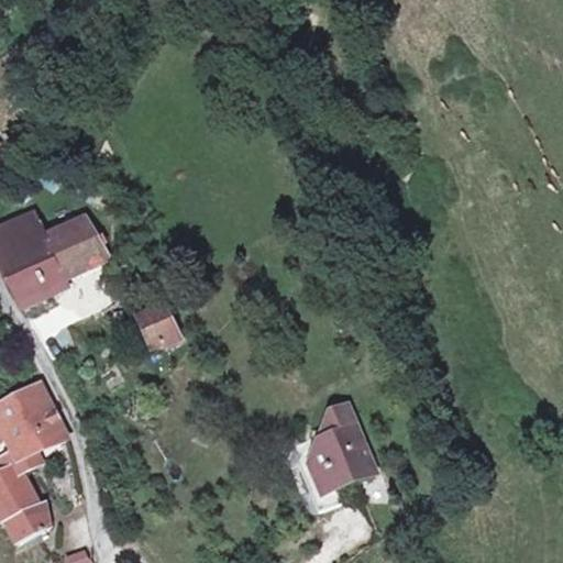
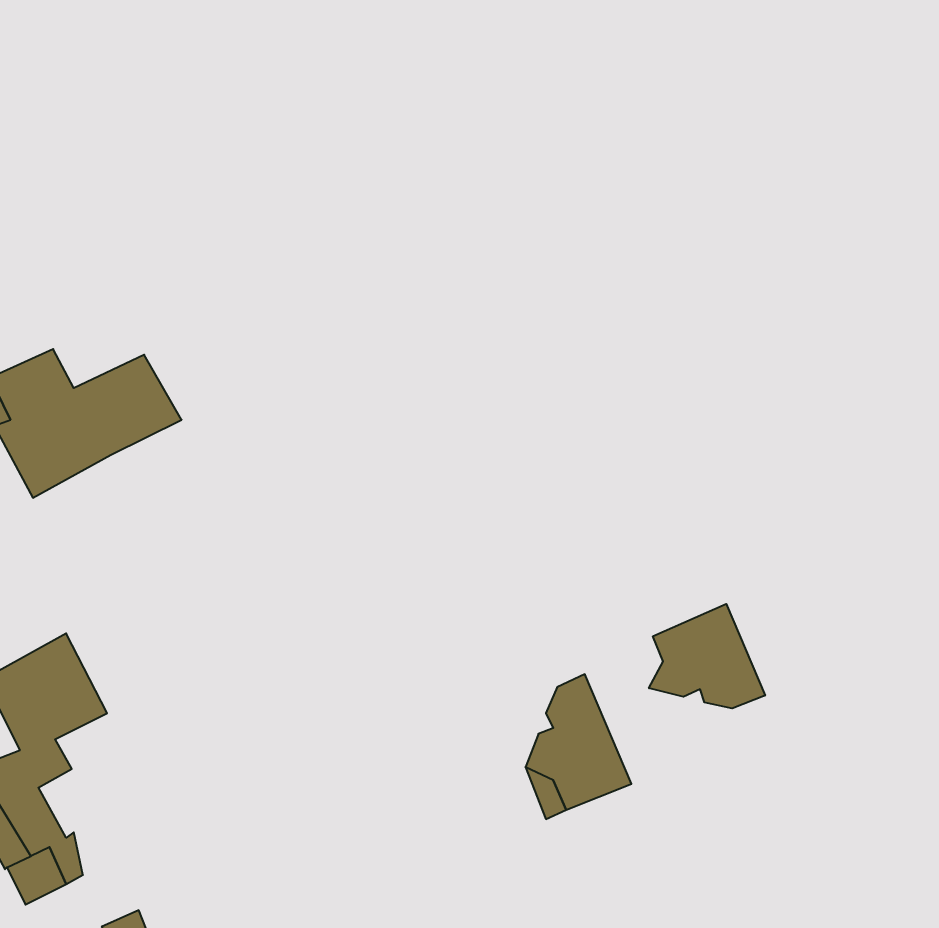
building: [139,302,180,347] -> none
building: none -> [649,604,765,708]

